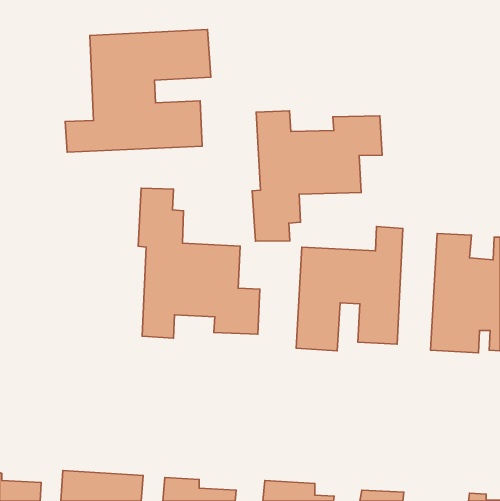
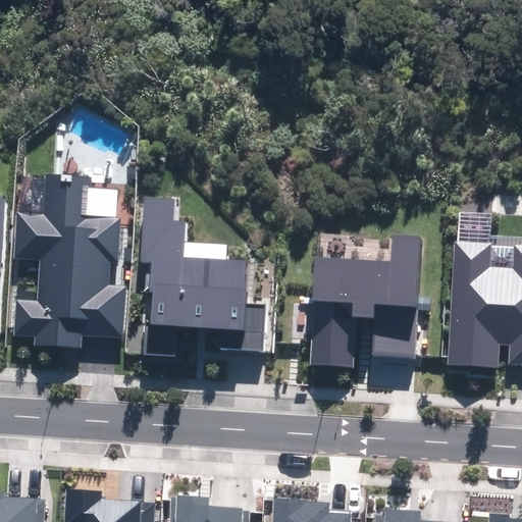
building: [65,30,211,152] -> none
building: [252,111,382,241] -> none
building: none -> [9,177,132,346]

